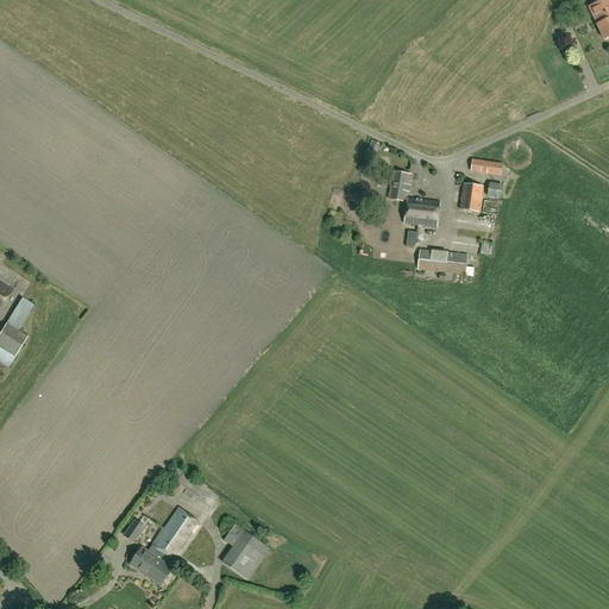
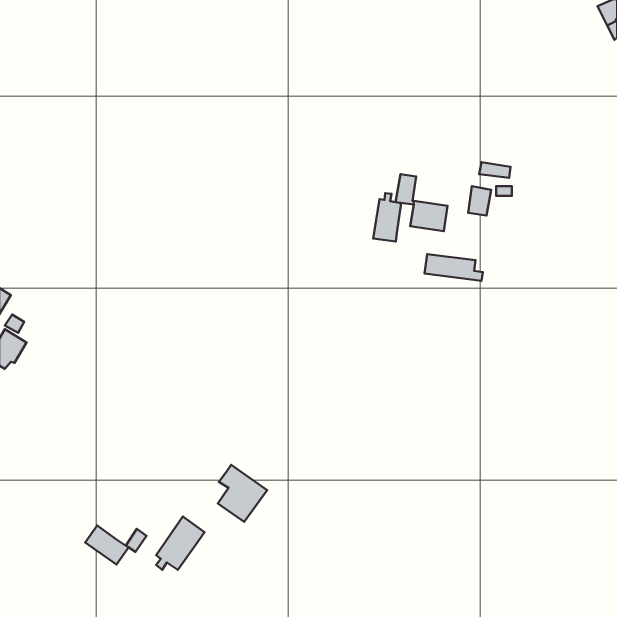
building: none -> [373,193,401,241]
building: [221,523,270,579] -> [218,465,267,522]
building: [130,547,172,585] -> [85,526,129,564]

